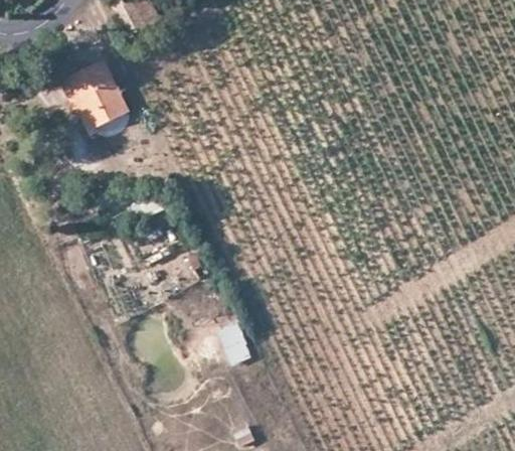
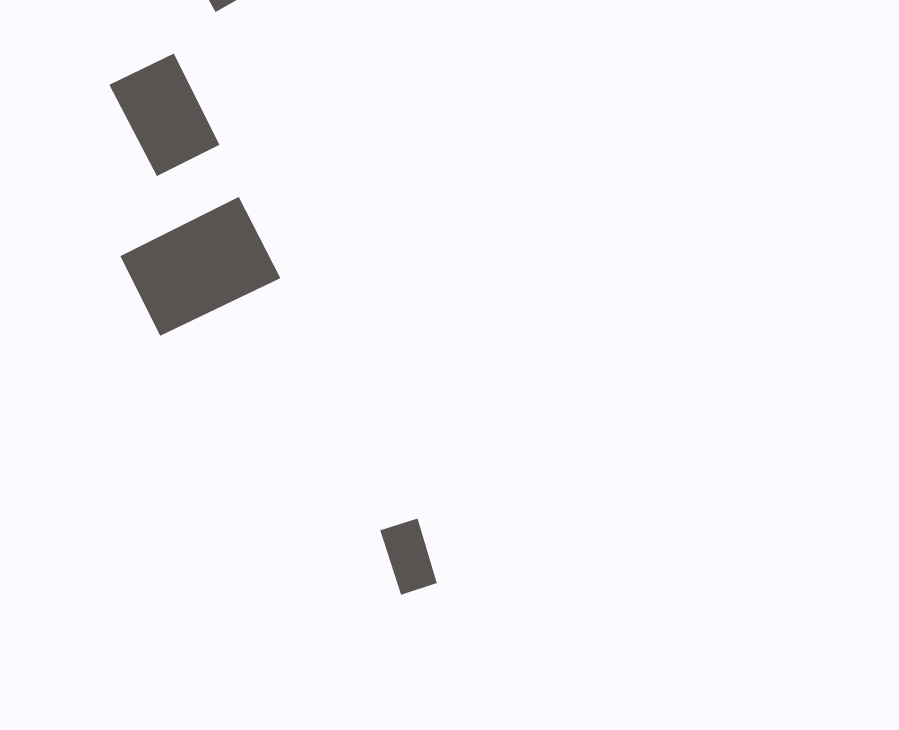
building: none -> [119,196,282,337]

